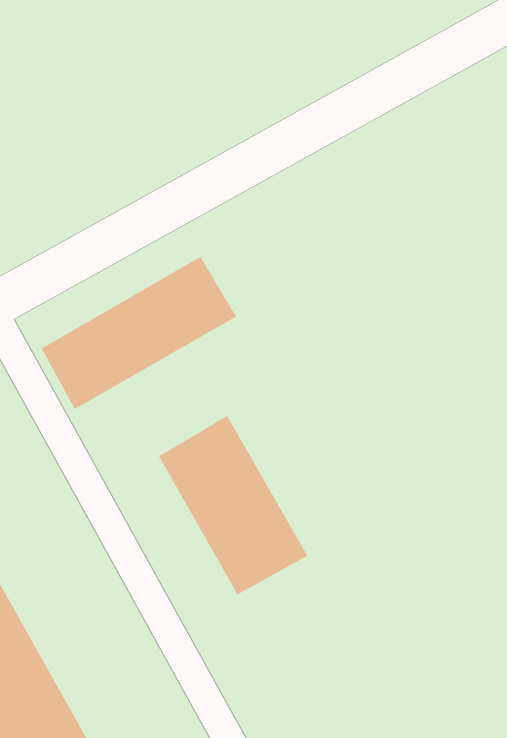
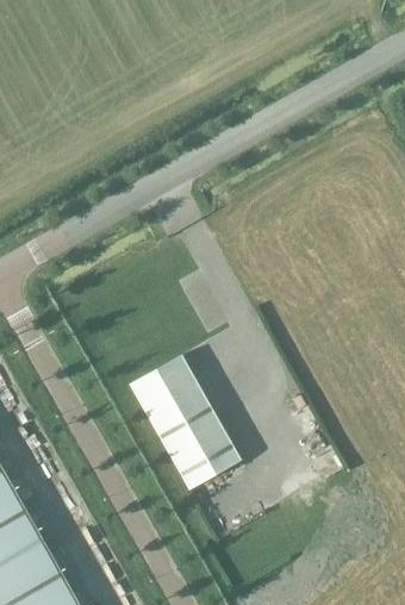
building: [41,256,237,410] -> none

